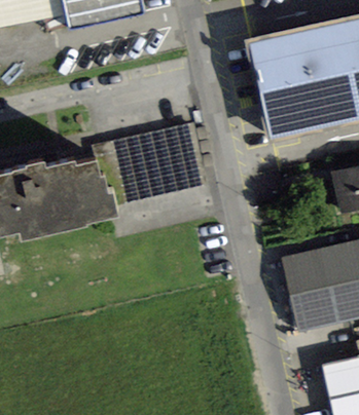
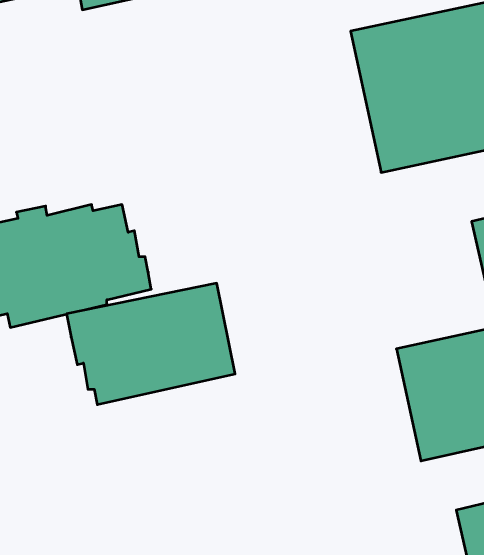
building: [93,123,206,204] -> [67,283,235,405]

